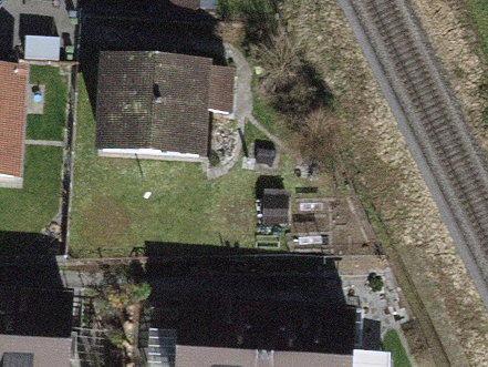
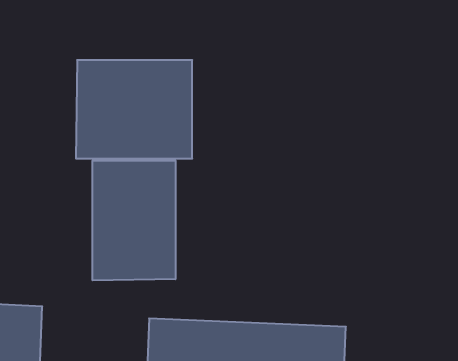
building: none -> [93,160,175,280]

